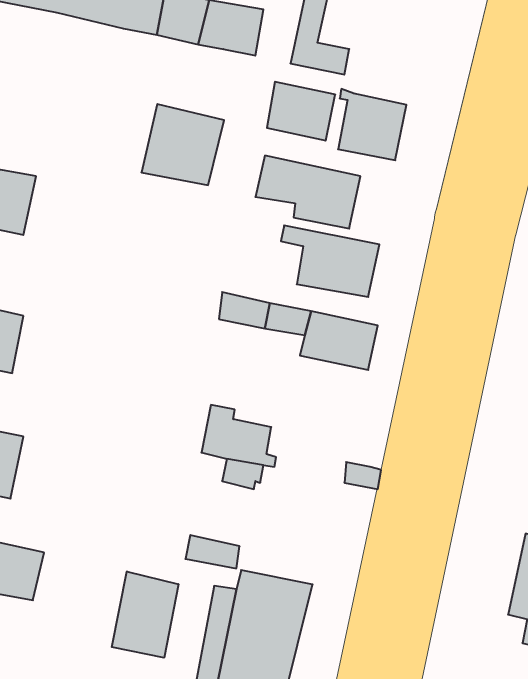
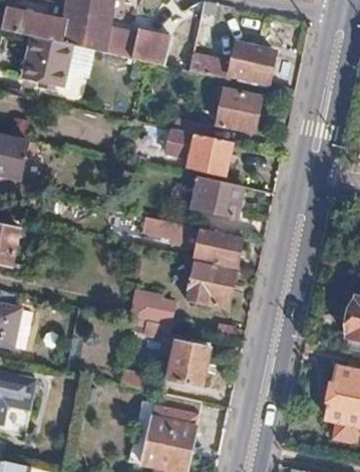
building: [267,82,335,141] -> [232,45,275,82]
building: [141,104,224,185] -> [31,38,83,89]
building: none -> [187,255,238,306]
building: none -> [168,338,211,385]
building: [112,571,178,658] -> none

